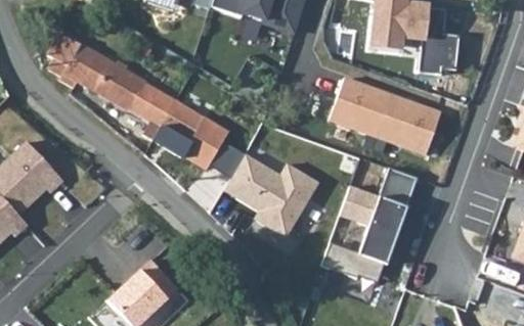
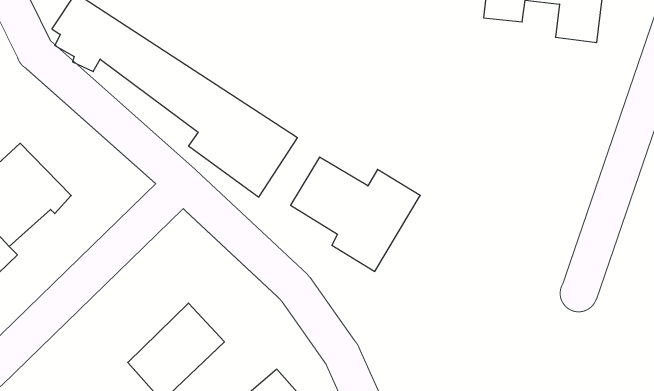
building: [330,76,443,154] -> none
building: [325,166,419,280] -> none

